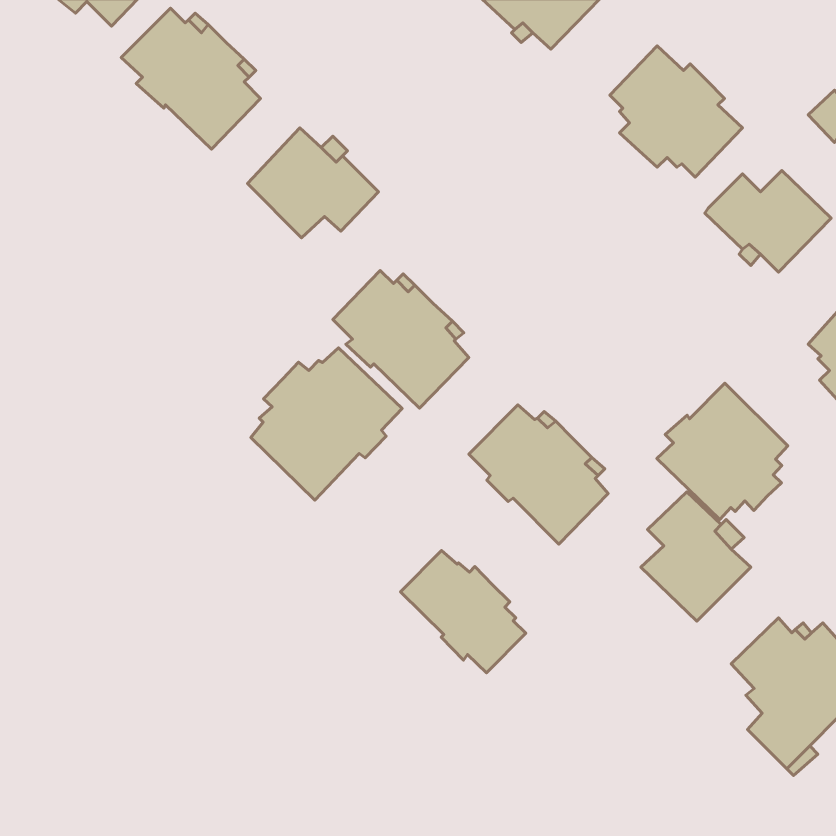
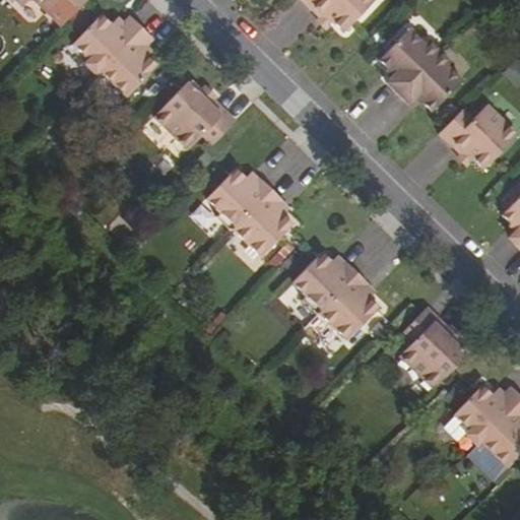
building: [251,348,402,500] -> none
building: [657,383,788,519] -> none
building: [401,550,526,673] -> none

